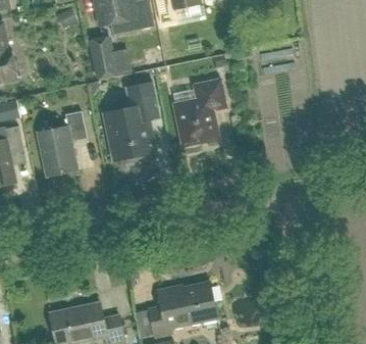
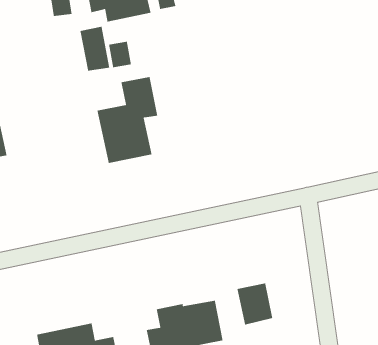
building: [172,79,226,146] -> none
building: [38,110,87,175] -> none
building: none -> [237,283,273,326]

